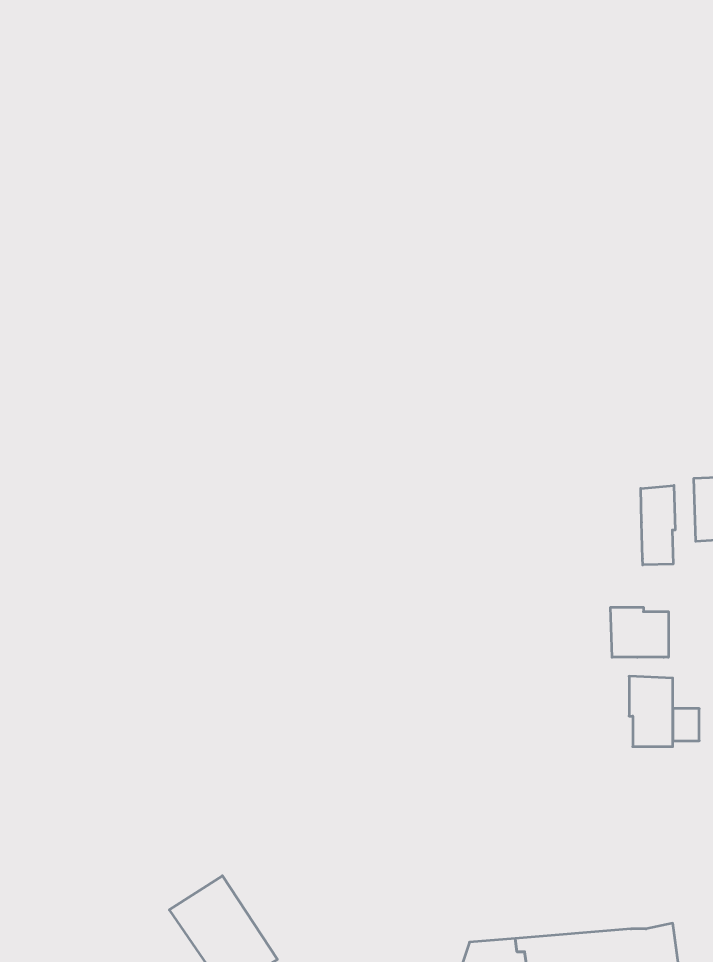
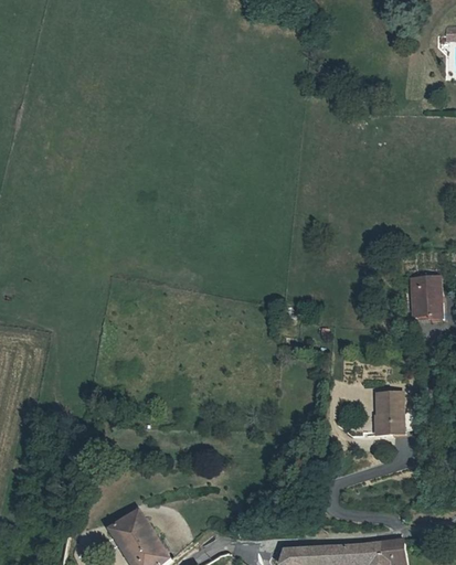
building: [641,485,675,565] -> none
building: [611,607,668,657] -> none

